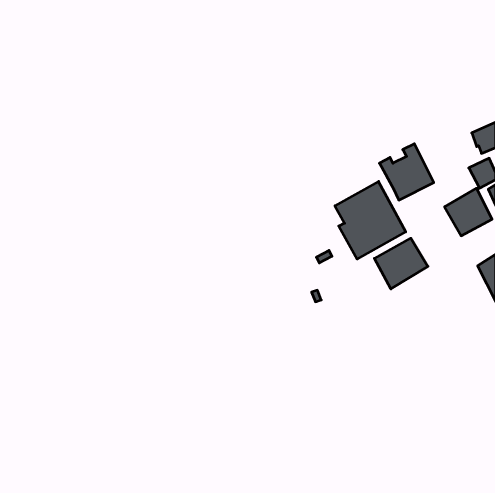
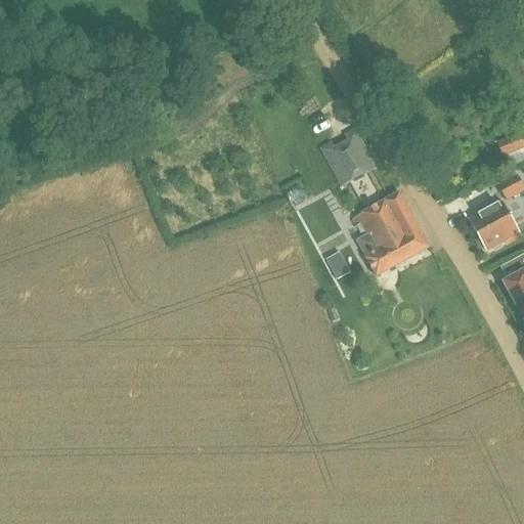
building: [379,144,434,200] -> [320,125,378,184]
building: [374,238,428,289] -> none

